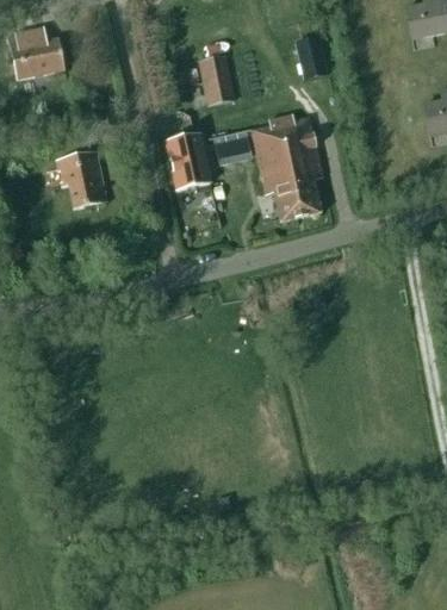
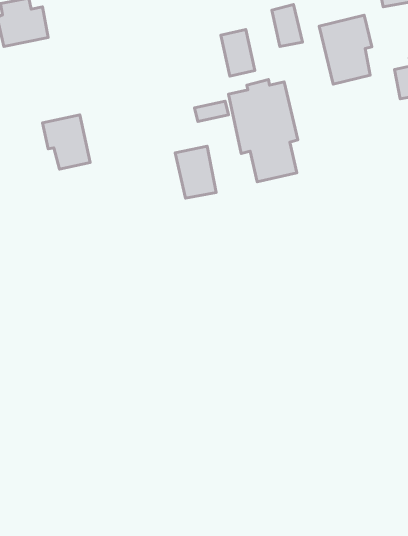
building: none -> [319,15,372,84]
building: [200,56,236,105] -> [221,29,255,76]
building: [167,130,210,185] -> [175,146,216,198]

